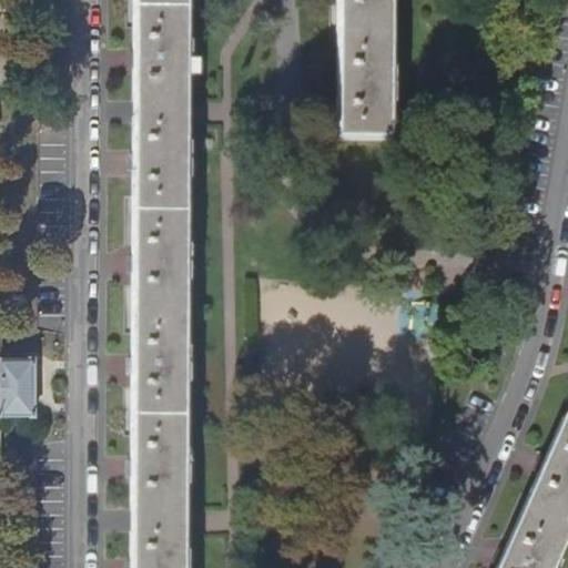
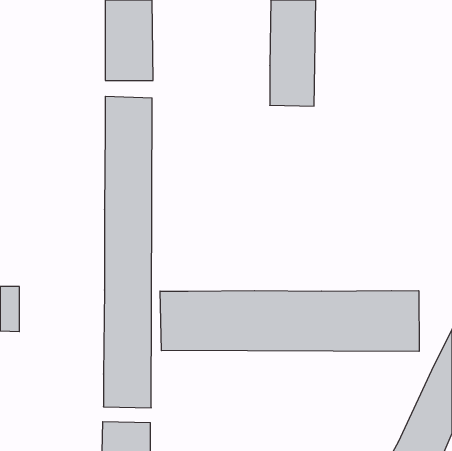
building: none -> [160,291,419,351]

